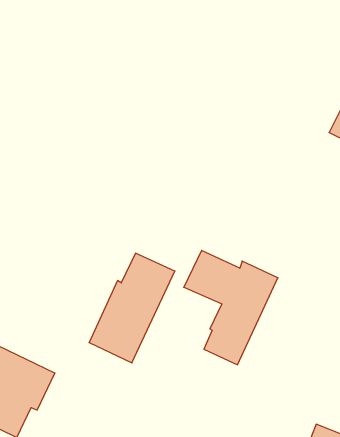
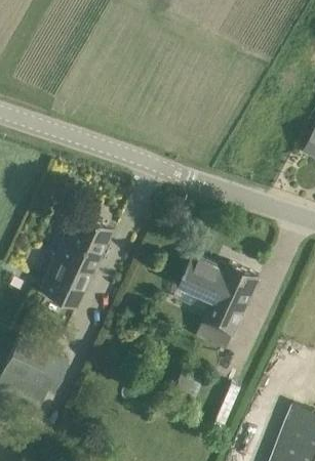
building: [89,253,175,363] -> [39,216,113,310]

